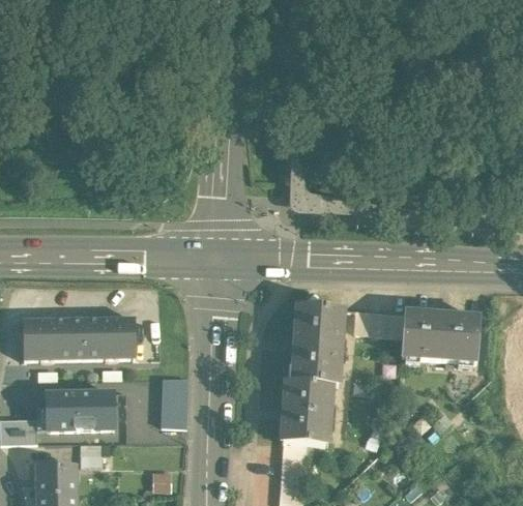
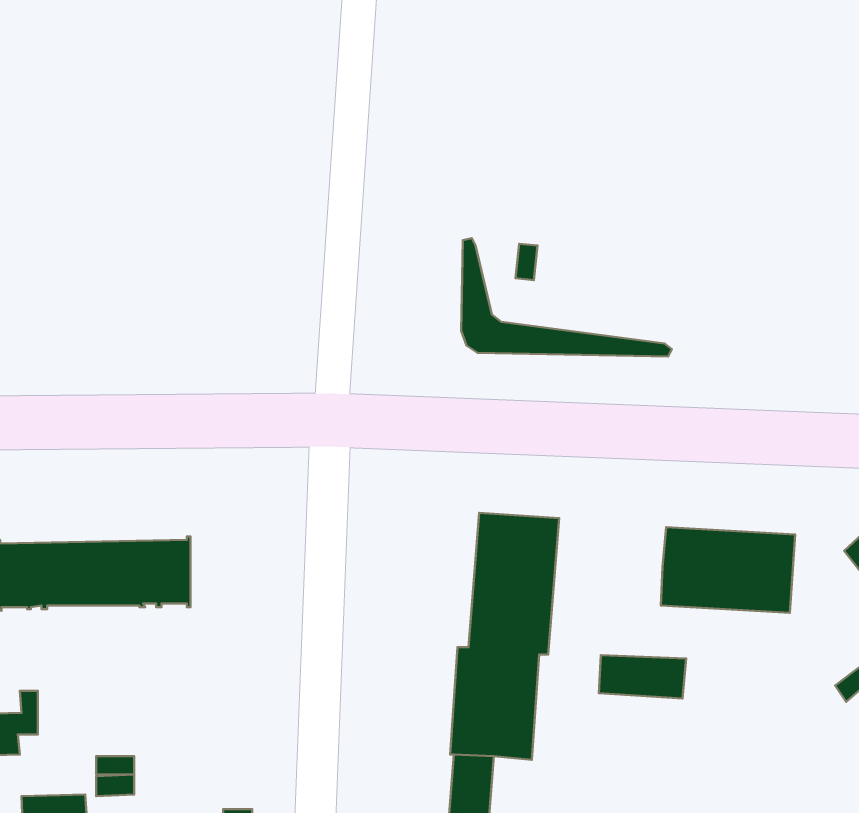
building: [355,310,405,335] -> [599,655,686,699]
building: [162,380,186,427] -> none
building: [46,391,113,430] -> none

